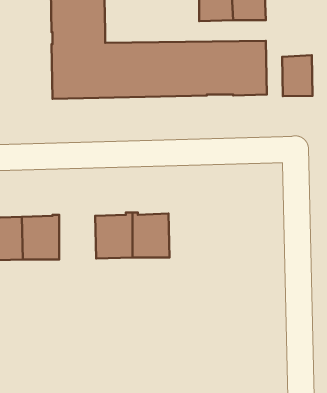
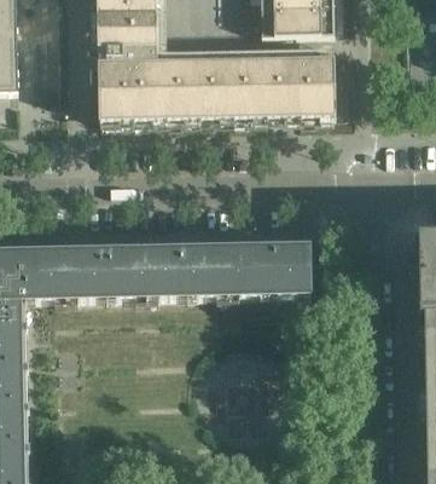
building: [282,55,313,96] -> none
building: none -> [227,243,310,294]
building: none -> [106,246,147,296]

